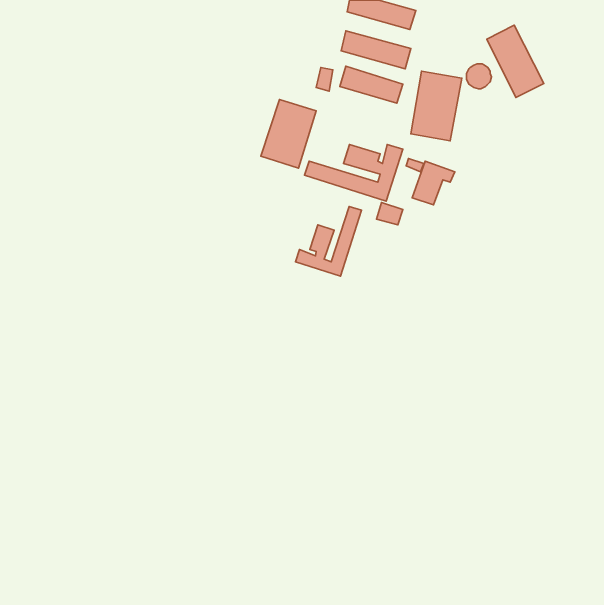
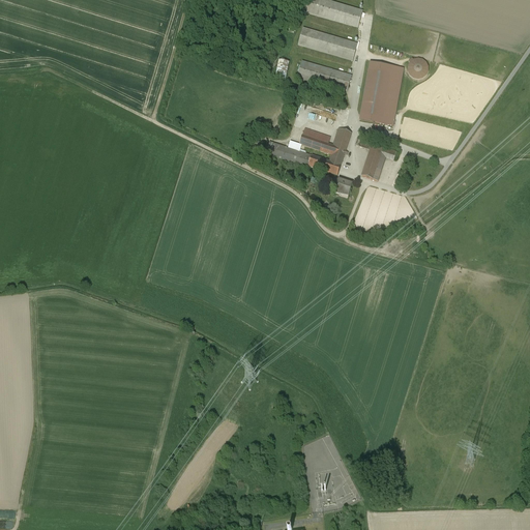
building: [487,25,544,98] -> none
building: [261,99,316,168] -> none
building: [296,206,362,276] -> none

